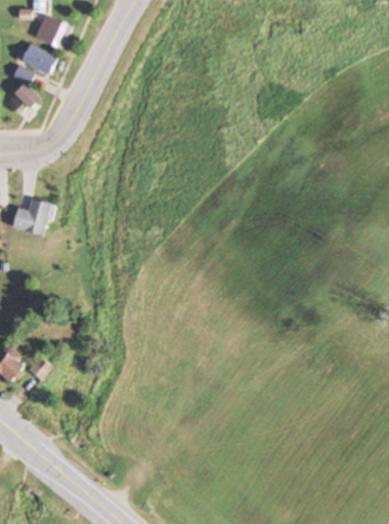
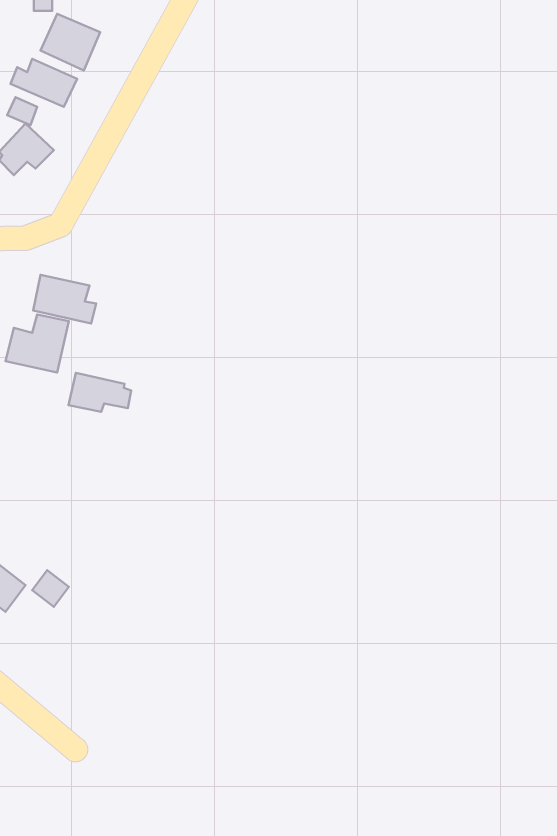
building: none -> [33,275,96,323]
building: none -> [68,373,131,412]

